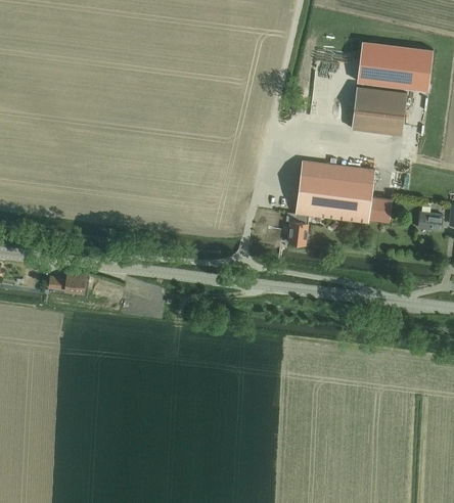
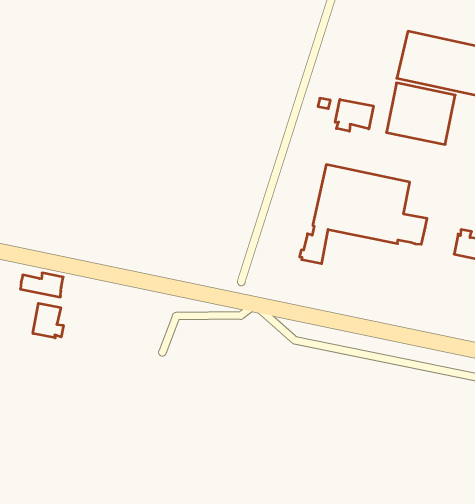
building: none -> [335,99,373,131]
building: none -> [33,303,63,338]

